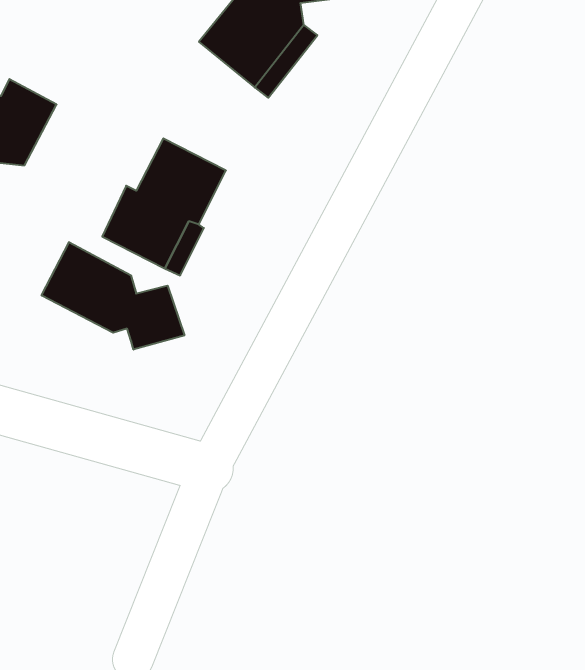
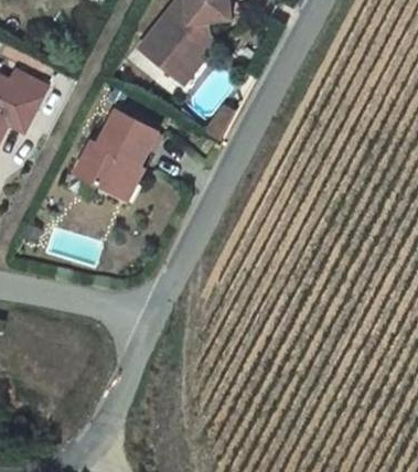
building: [42,242,184,350] -> none

